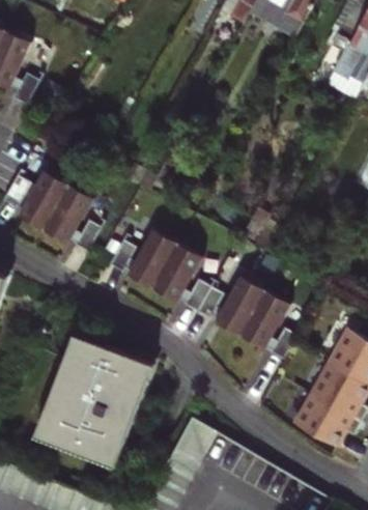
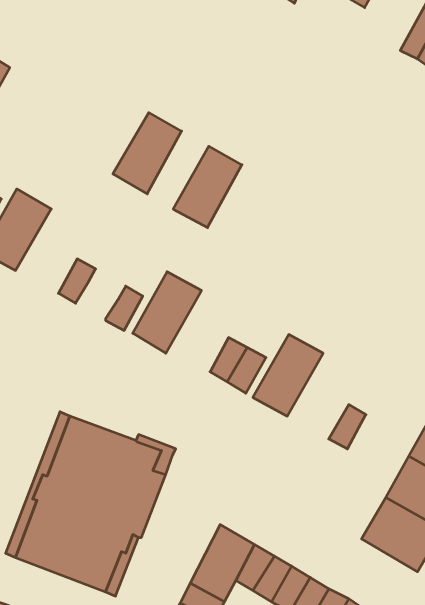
building: [41,186,91,245] -> [113,113,182,194]
building: [150,245,200,304] -> [173,146,242,228]
building: [238,290,289,349] -> none

